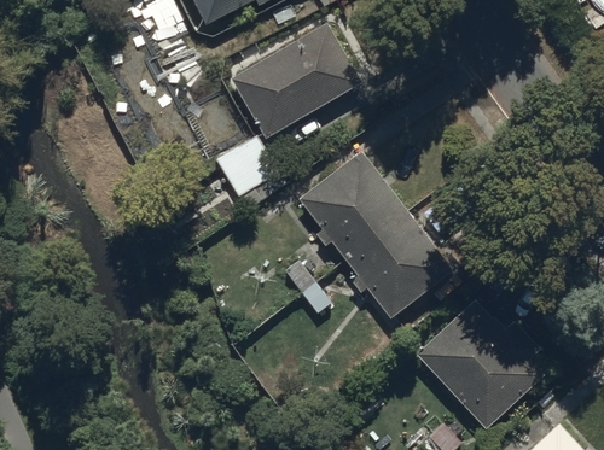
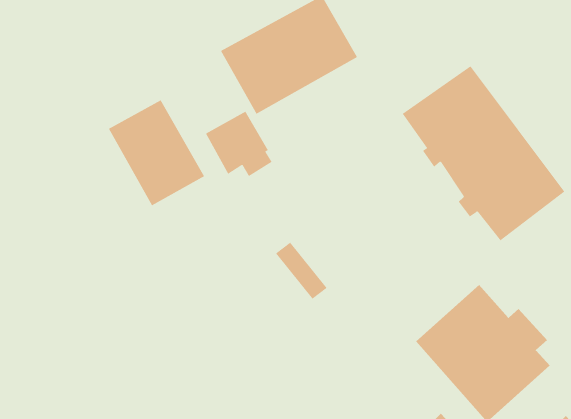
building: none -> [108,99,205,206]
building: [298,151,453,317] -> [402,65,565,241]

